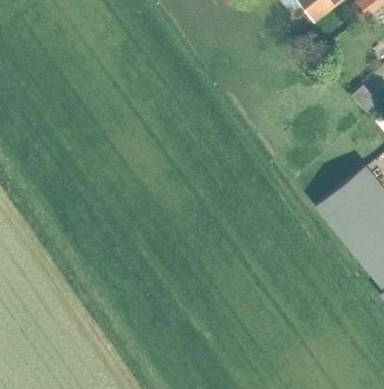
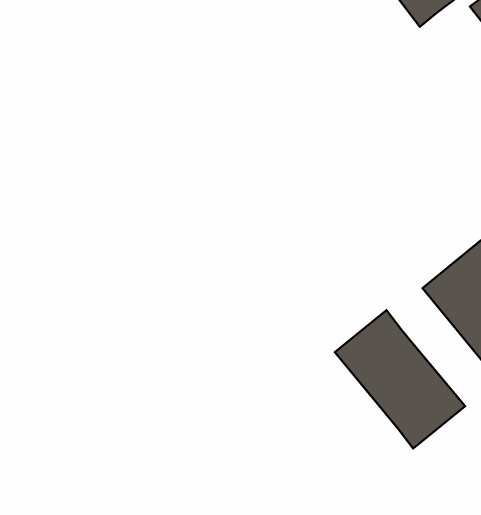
building: none -> [335,310,465,448]

